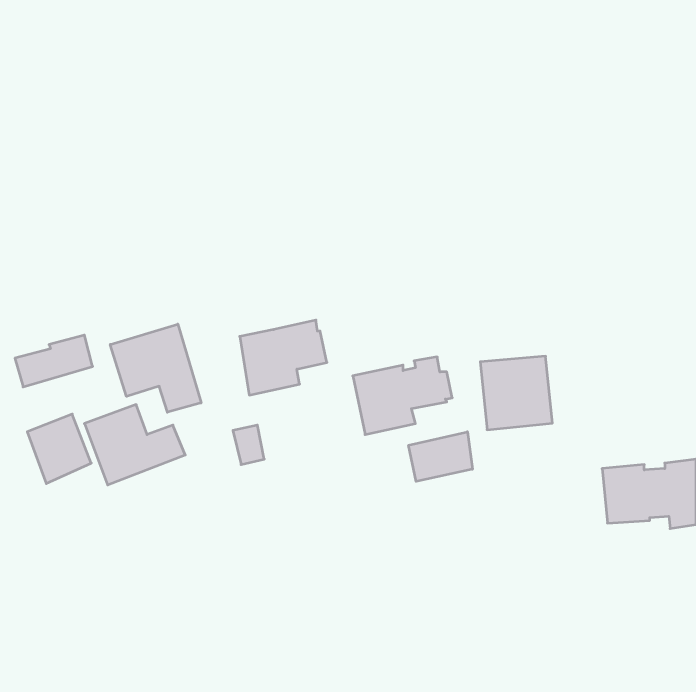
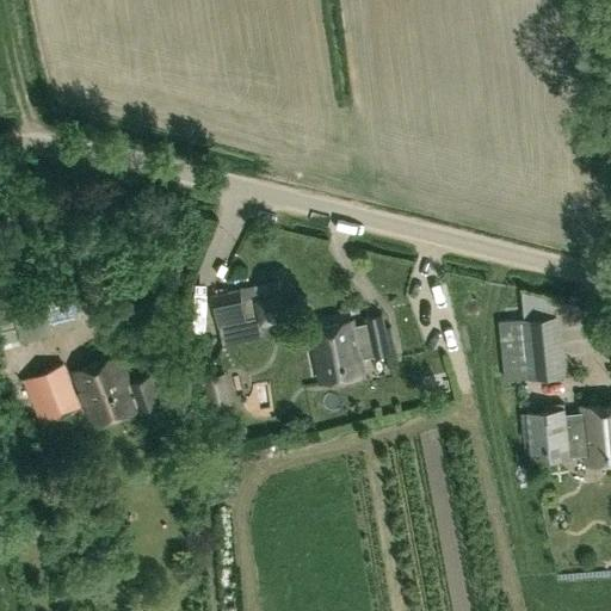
building: [110,324,201,412] -> none
building: [480,356,552,430] -> [498,319,561,383]
building: [409,432,472,481] -> none

